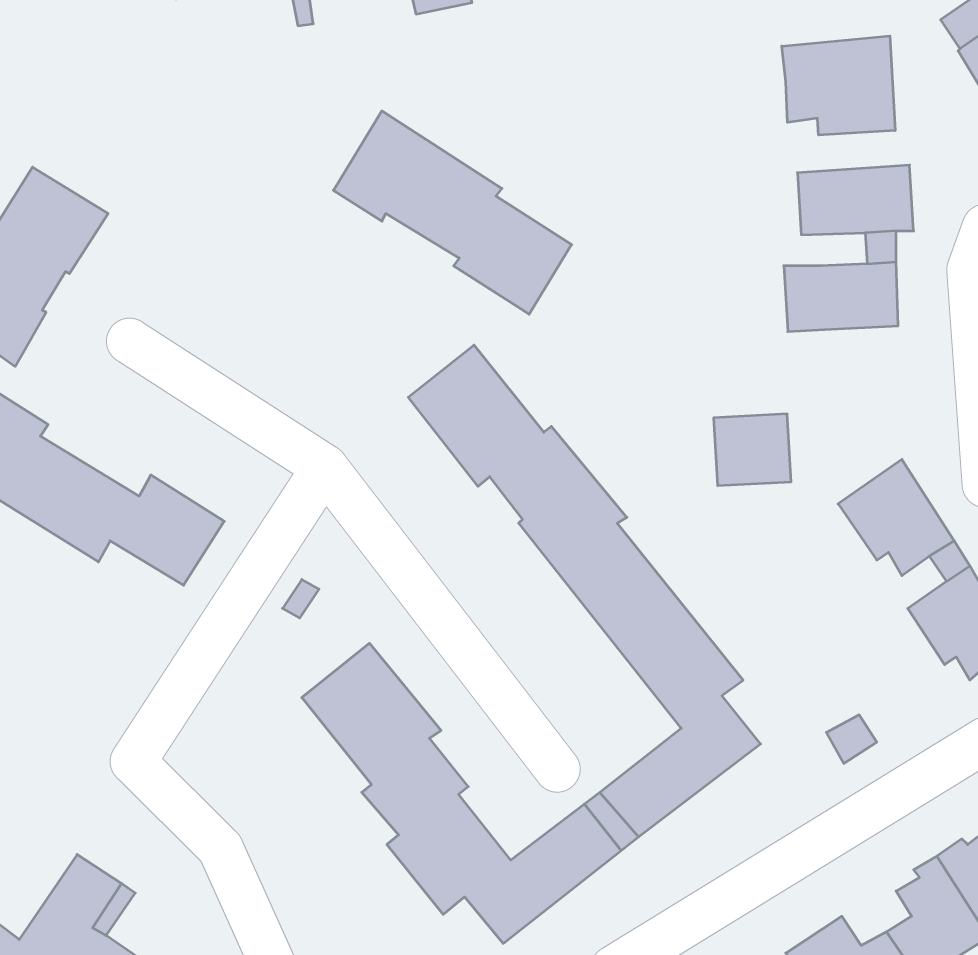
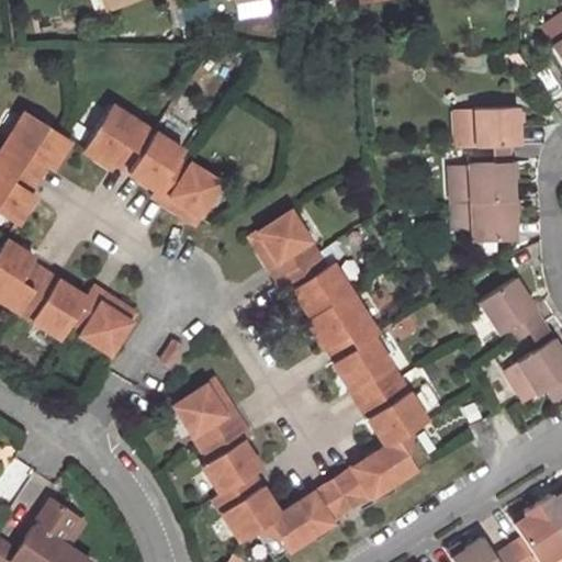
building: [782,36,895,135] -> none
building: [333,111,572,314] -> [83,104,218,220]
building: [714,414,791,486] -> [473,203,517,244]

